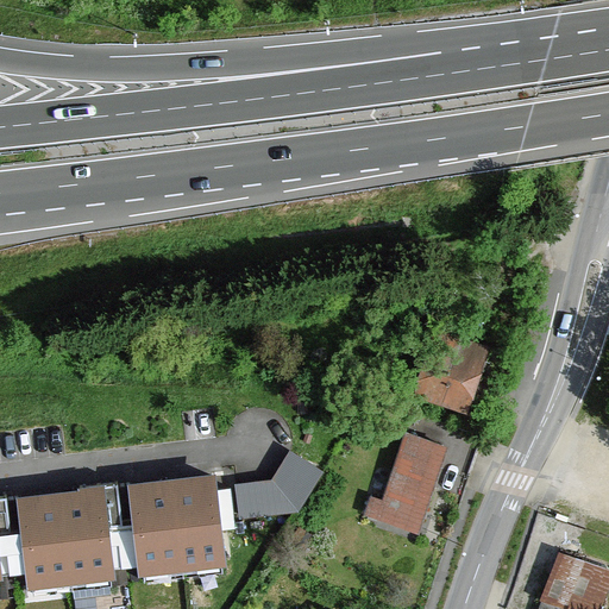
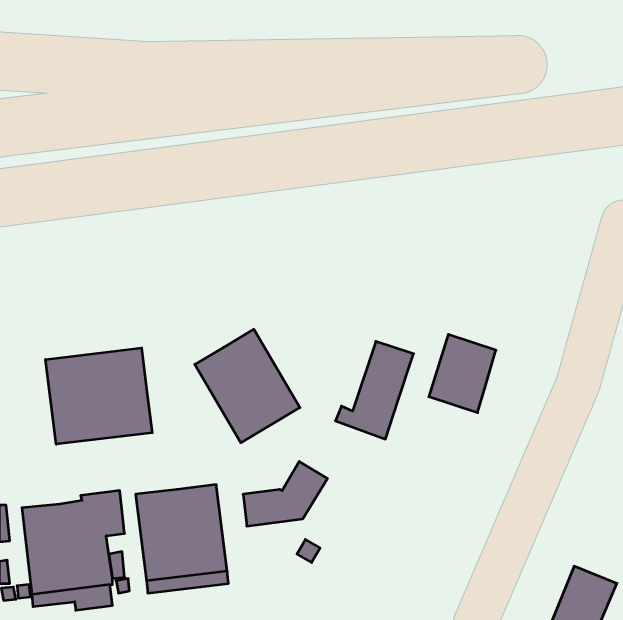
building: none -> [195,329,300,443]
building: none -> [46,348,152,444]
building: [366,434,442,529] -> [335,341,414,439]

